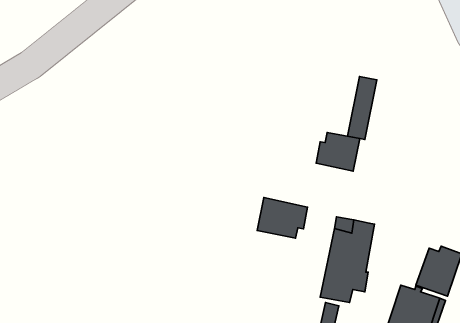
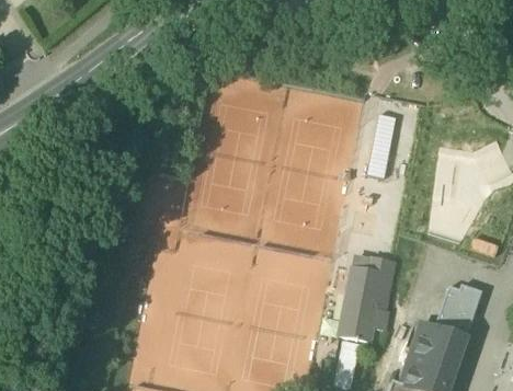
building: [316,132,360,171] -> none
building: [257,198,308,238] -> none

